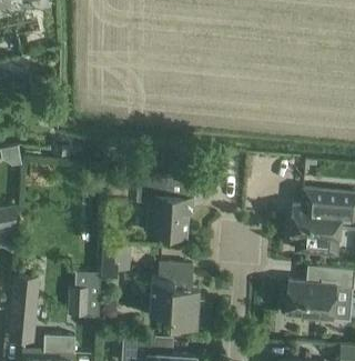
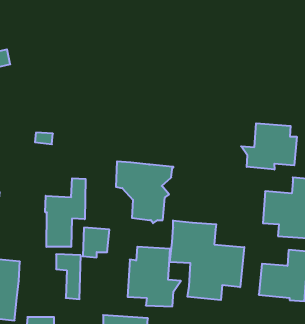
building: none -> [241,123,297,170]
building: none -> [45,178,86,247]
building: none -> [170,220,244,300]

